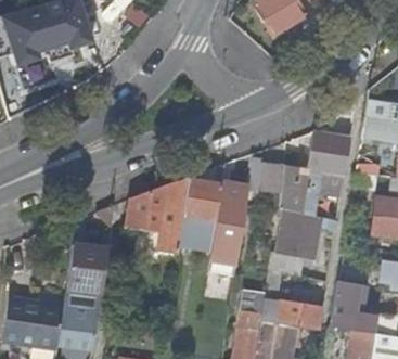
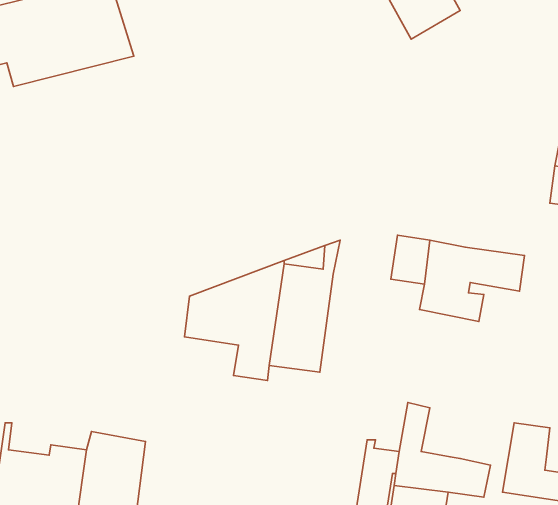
building: [307,131,351,174] -> none
building: [211,185,248,262] -> none
building: [270,208,337,275] -> none
building: [67,244,108,293] -> none

